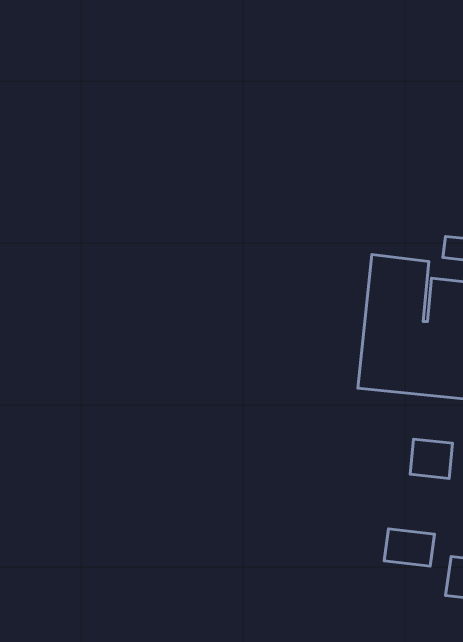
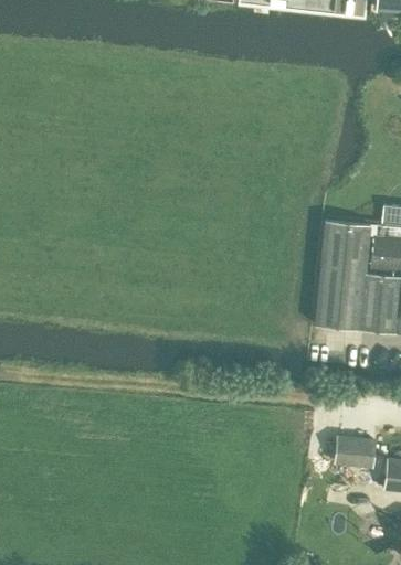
building: [410,439,452,478] -> none

